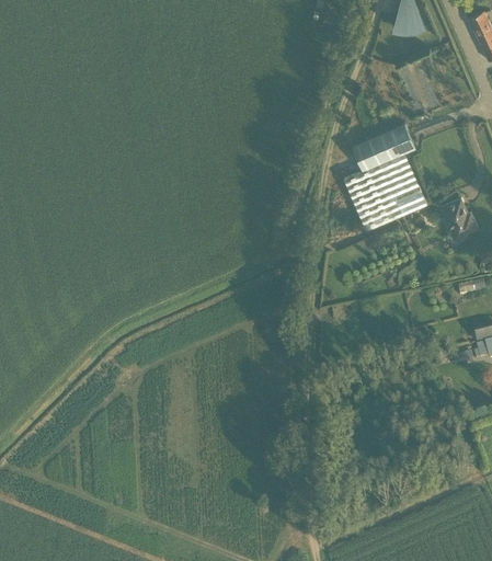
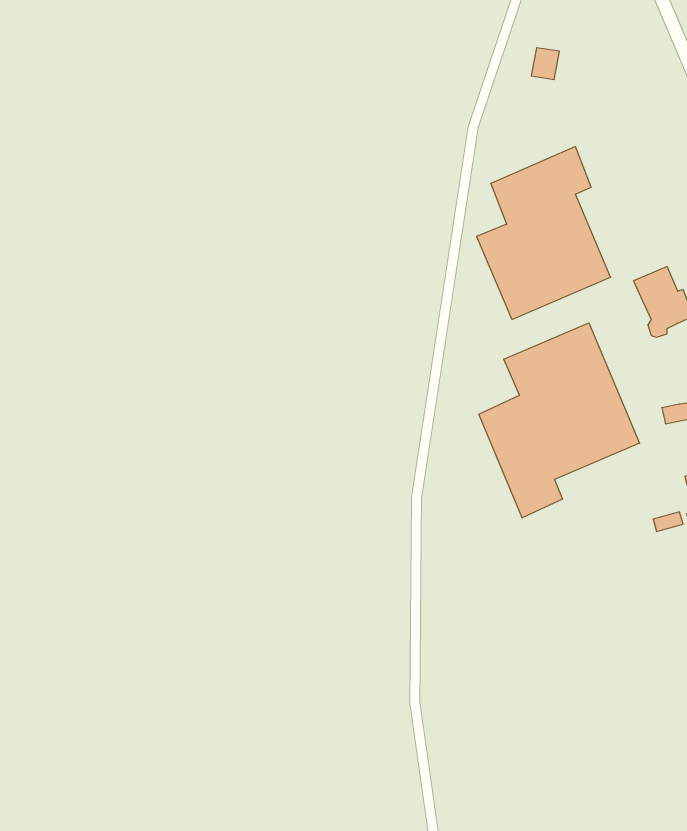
building: none -> [479,323,640,518]

